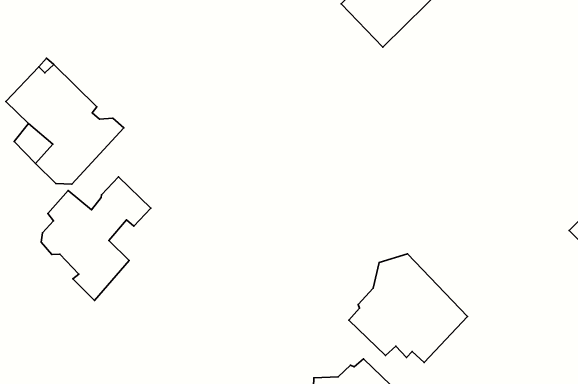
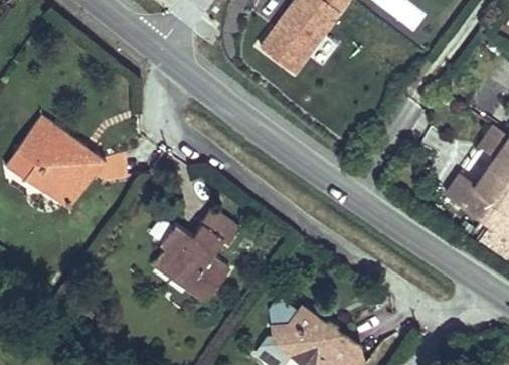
building: [41,177,151,300] -> [160,209,238,304]
building: [349,254,467,362] -> none

